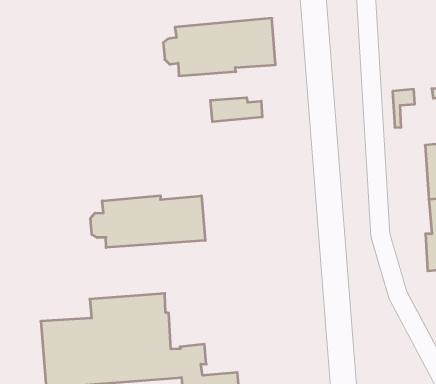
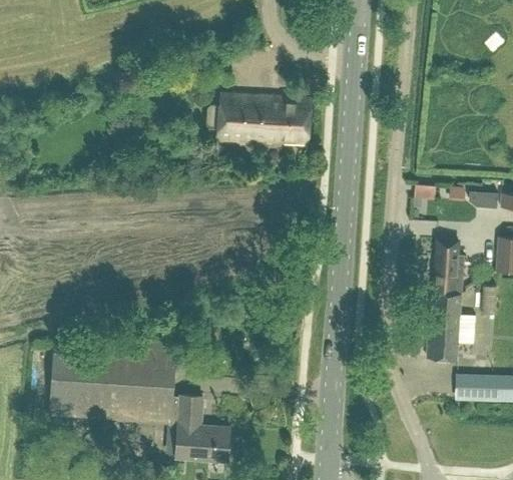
building: [210,98,262,122] -> none
building: [91,196,205,248] -> none

